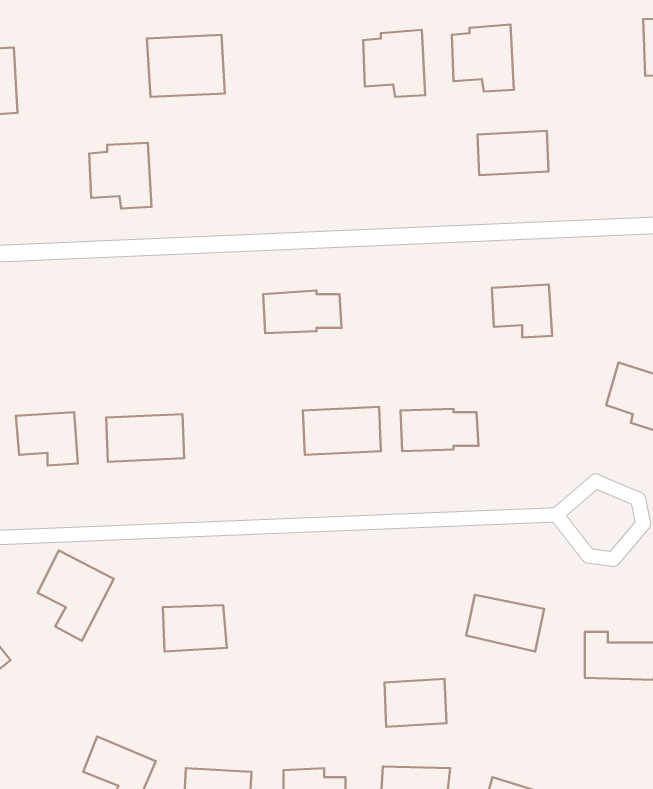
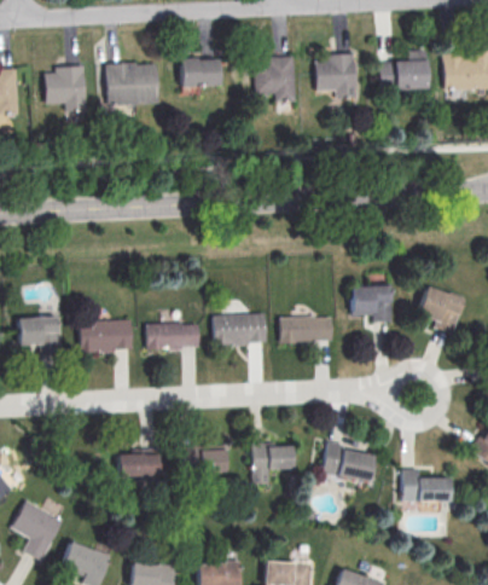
building: none -> [180,56,220,85]
building: [478,131,548,175] -> [380,58,429,88]
building: [89,143,151,208] -> [42,66,85,111]
building: [492,284,552,338] -> [350,286,391,323]
building: [263,291,341,333] -> [145,323,198,352]
building: [37,550,114,641] -> [12,498,64,560]
building: none -> [182,445,226,477]
building: [384,679,446,727] -> [250,442,292,475]

